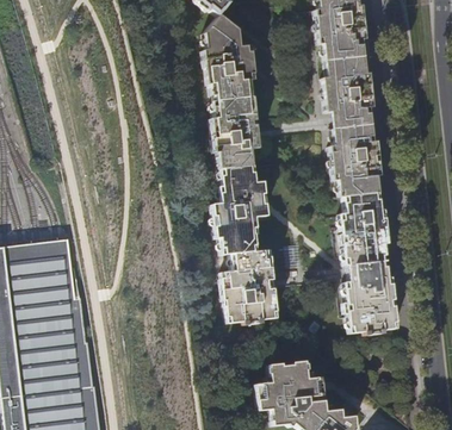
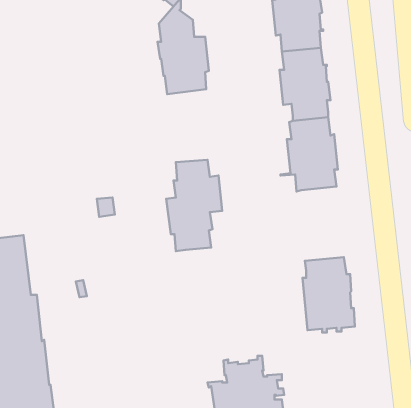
building: [210,96,256,169] -> none
building: [327,192,385,264] -> none
building: [218,250,274,325] -> none

